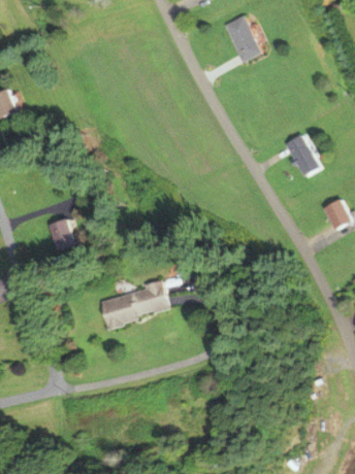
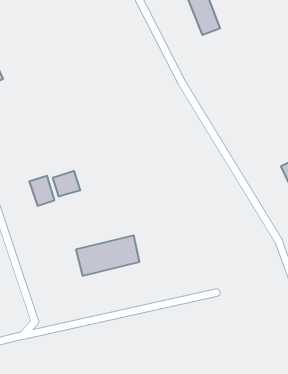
building: [285,133,321,175] -> none
building: none -> [53,171,80,197]

